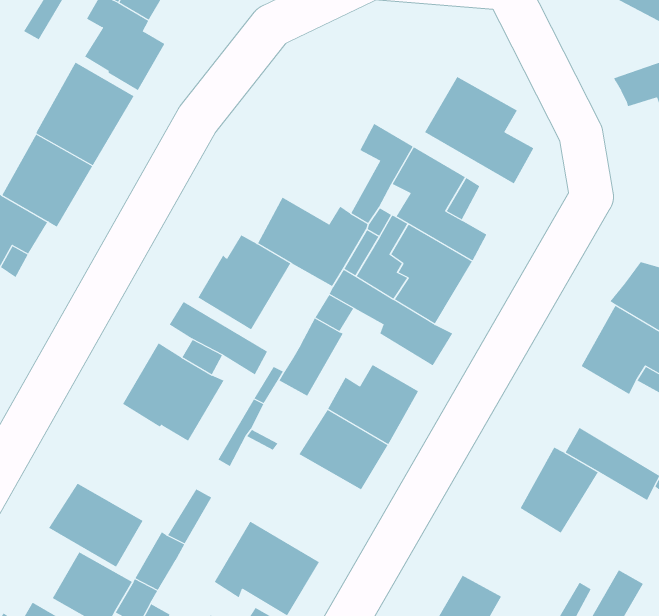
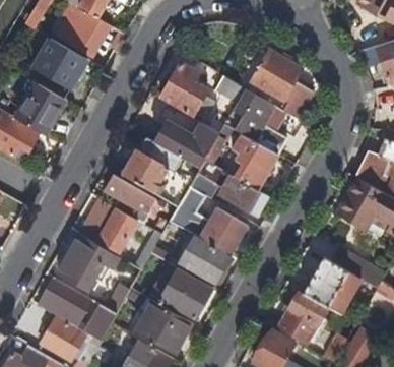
building: none -> [161,63,216,117]
building: none -> [55,234,118,294]
building: none -> [160,266,212,311]
building: none -> [276,293,326,343]

